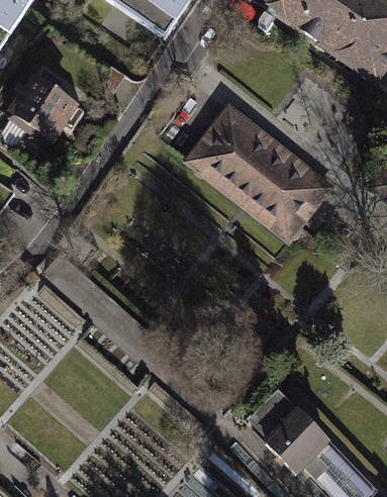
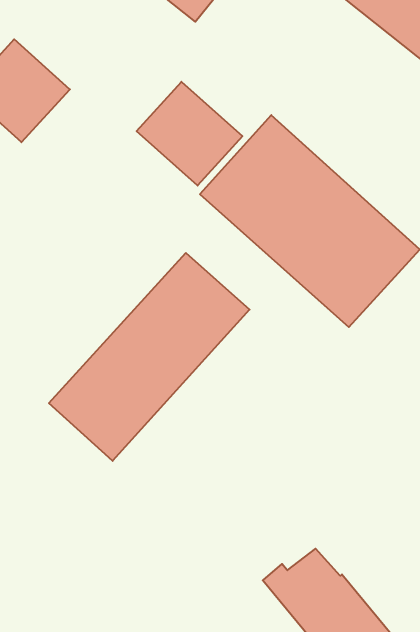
building: none -> [137,82,242,186]
building: none -> [49,253,250,461]

